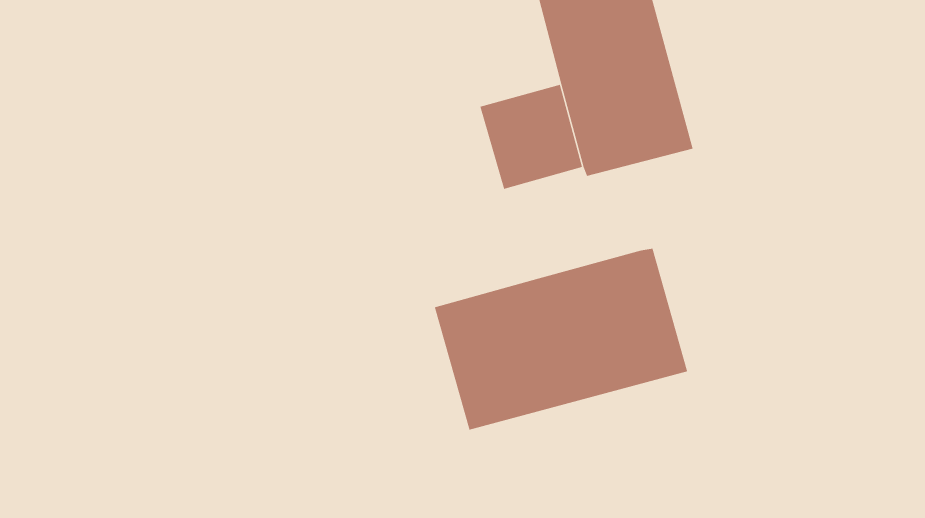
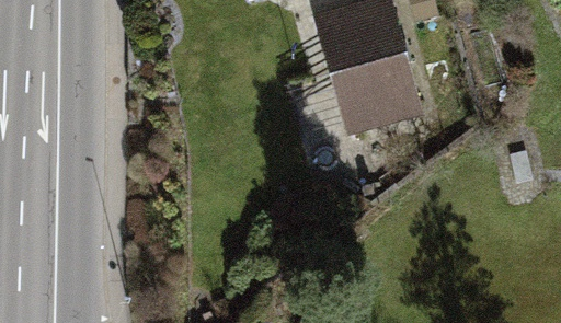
building: [434,248,688,431] -> none

